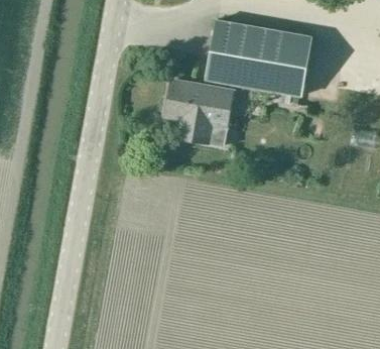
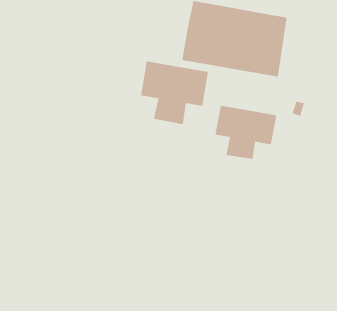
building: none -> [214,105,277,160]

